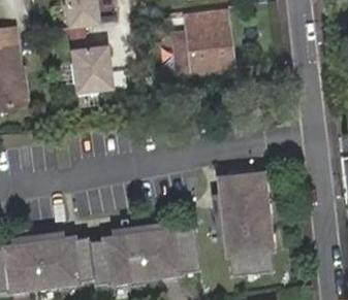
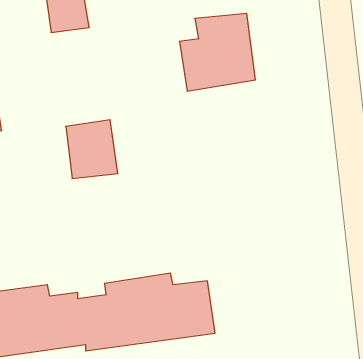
building: [70,46,113,94] -> [66,120,118,179]
building: [213,170,276,277] -> none

